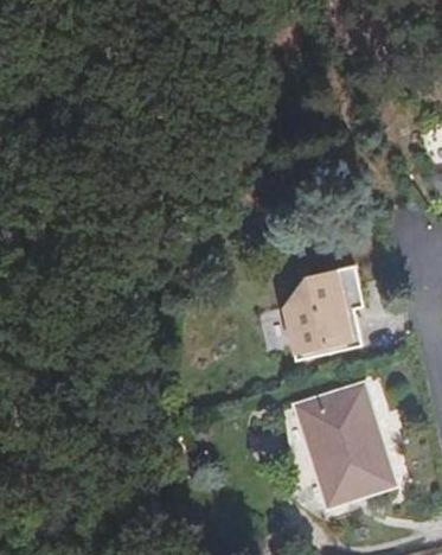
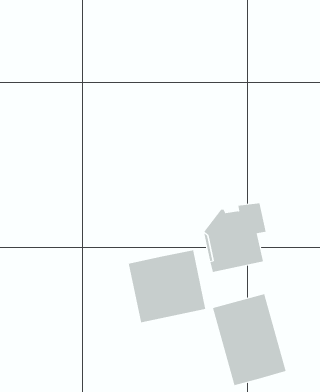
building: none -> [128,249,206,323]

